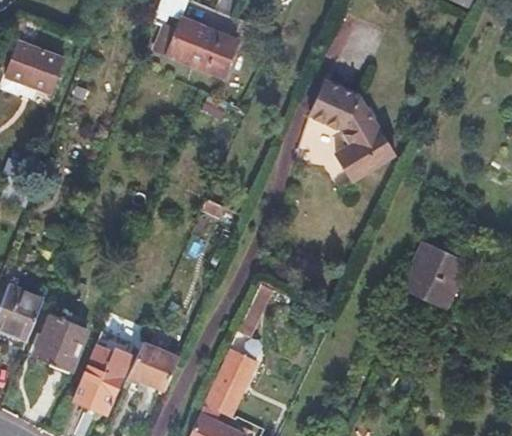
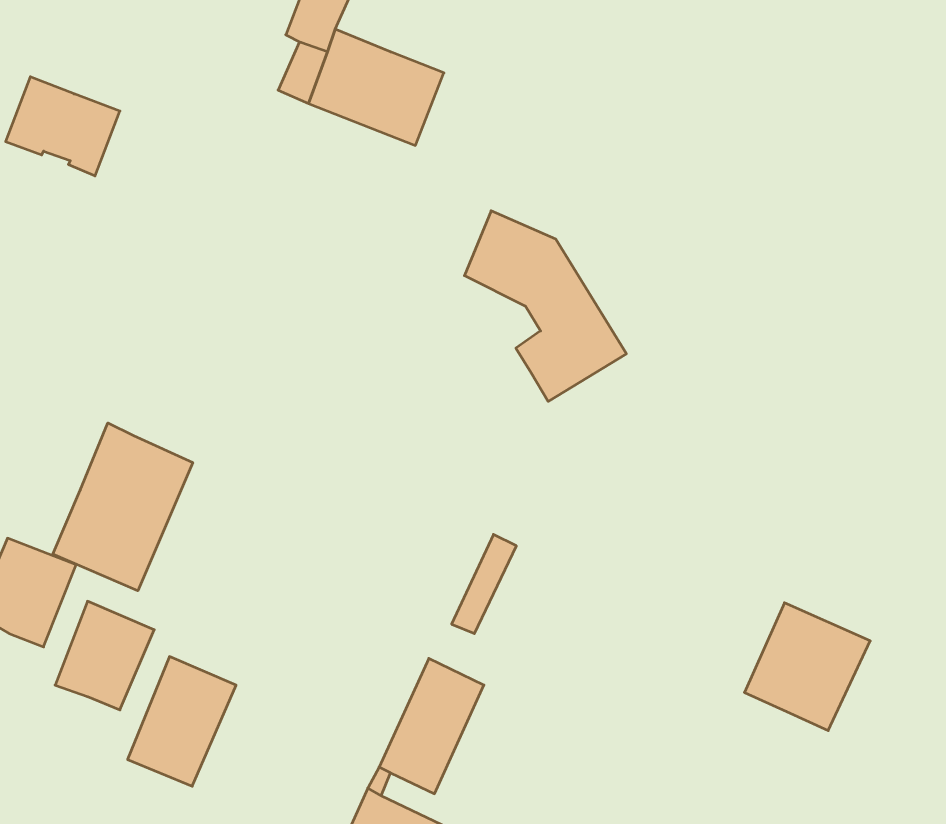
building: [309,81,394,181] -> [464,211,626,401]
building: none -> [53,423,193,591]
building: [401,241,467,308] -> [744,603,870,731]
building: [130,343,178,390] -> none

